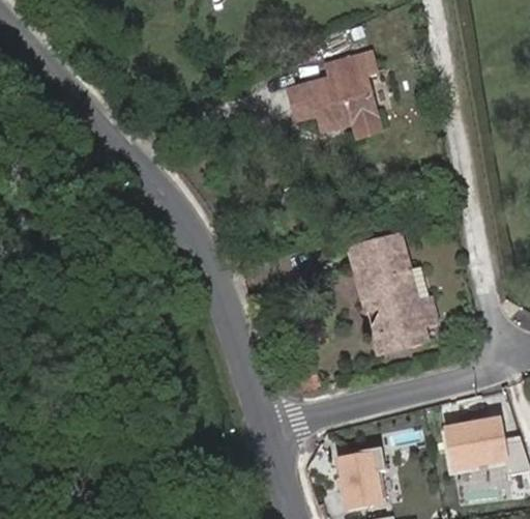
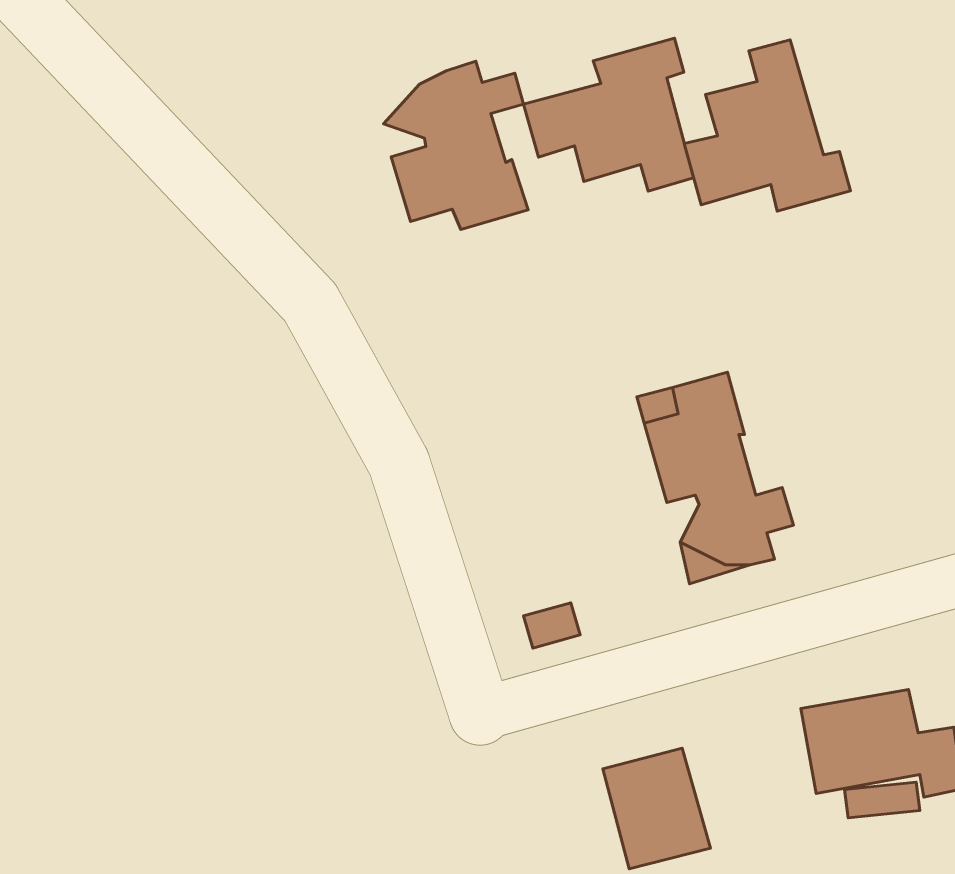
building: none -> [684,40,851,211]
building: none -> [383,61,528,230]

